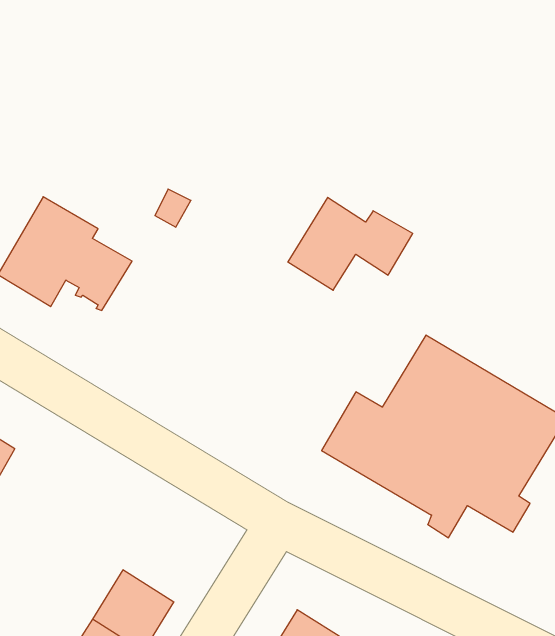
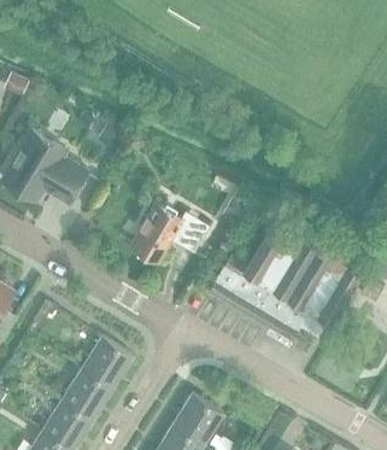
building: [288,197,413,290] -> [129,203,209,262]
building: none -> [81,337,133,388]

